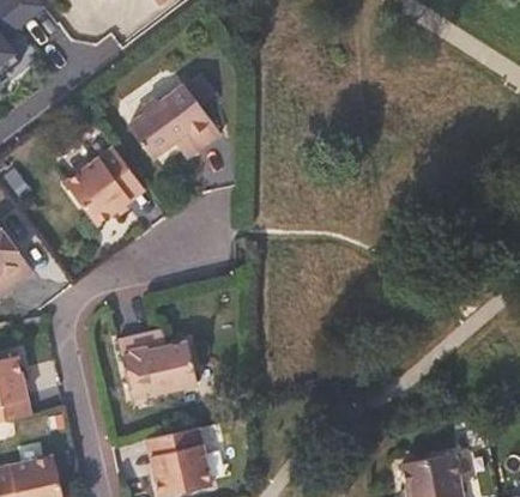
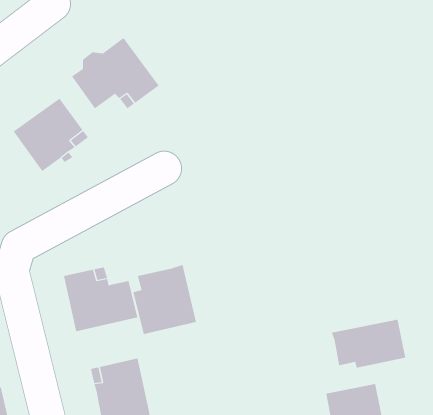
building: none -> [133,264,196,335]
building: none -> [331,319,406,368]

